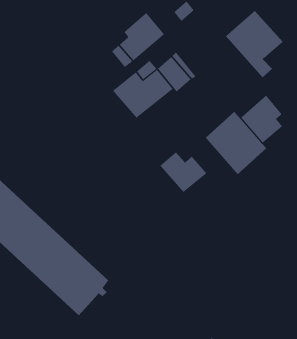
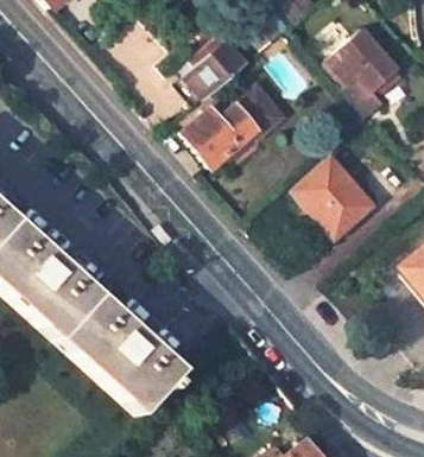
building: [241,95,283,143] -> none
building: [160,151,207,193] -> none

